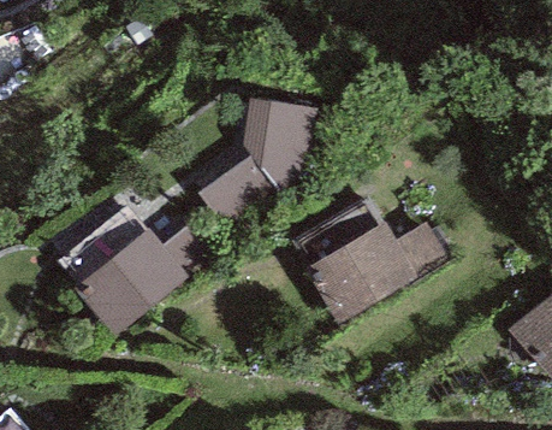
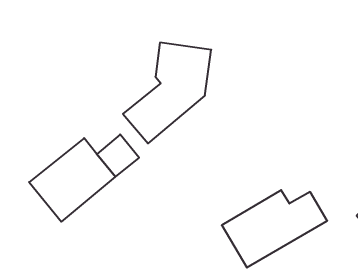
building: [304,218,445,322] -> [222,190,327,268]

